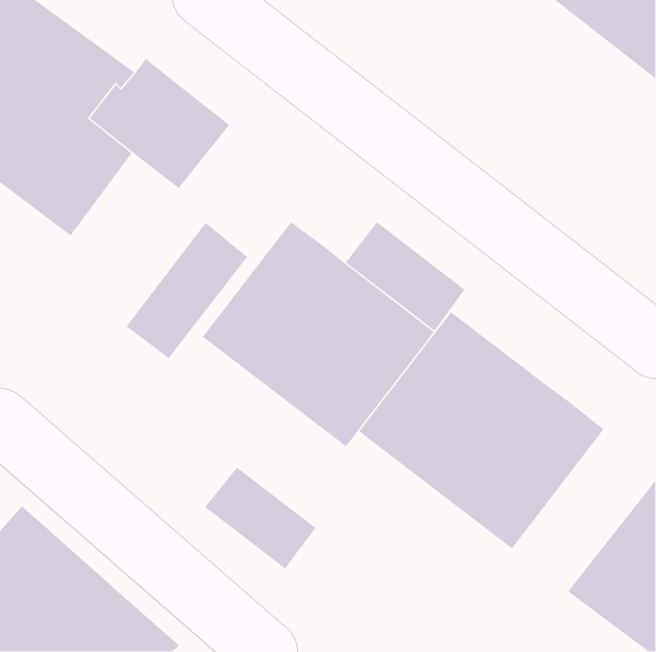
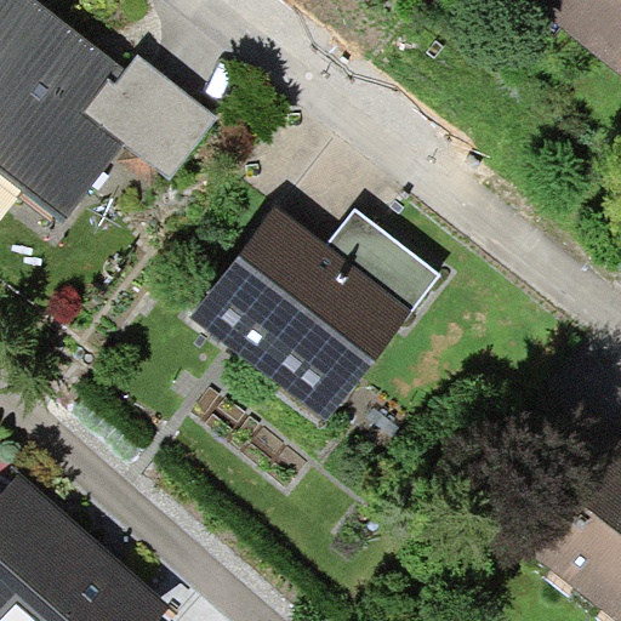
building: [125,222,248,359] -> none
building: [358,311,605,550] -> none
building: [204,467,317,569] -> none

